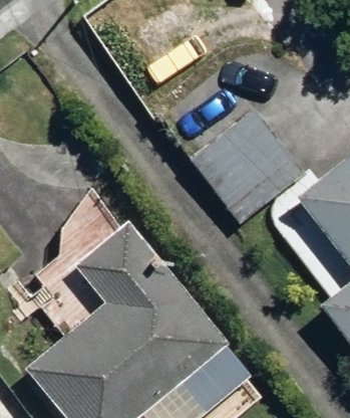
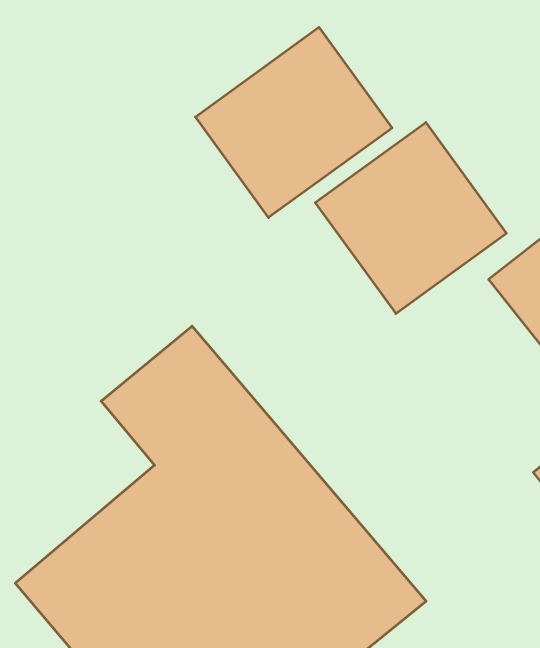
building: none -> [195,27,392,218]

